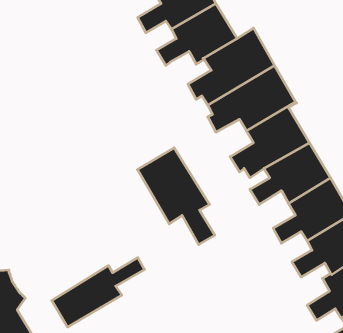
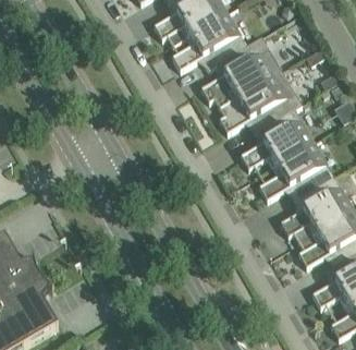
building: [137,148,215,245] -> none
building: [52,258,145,327] -> none

